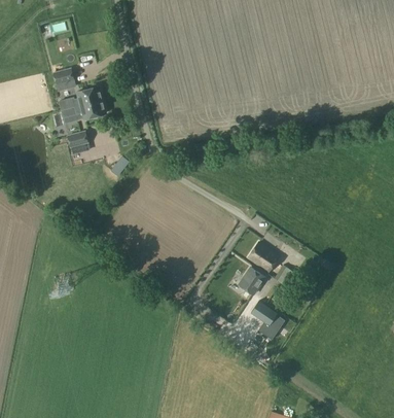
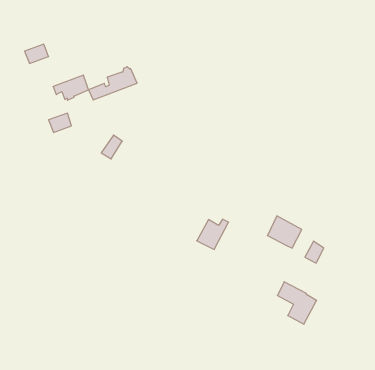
building: [59,84,102,110] -> [89,67,137,100]
building: [239,268,268,294] -> [197,219,229,249]

